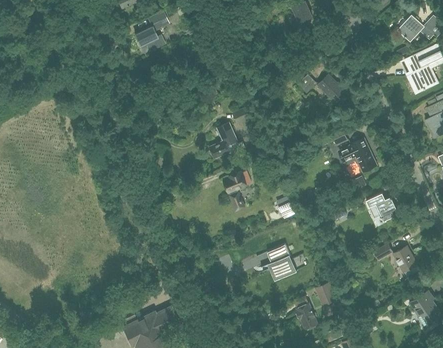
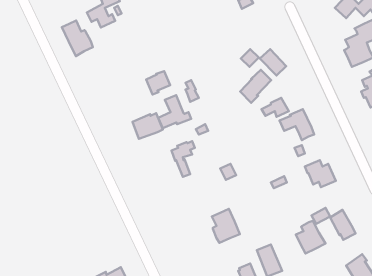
building: none -> [62,20,93,56]
building: none -> [240,70,271,103]
building: none -> [146,71,170,95]
building: none -> [133,113,163,139]
building: none -> [296,221,325,254]

